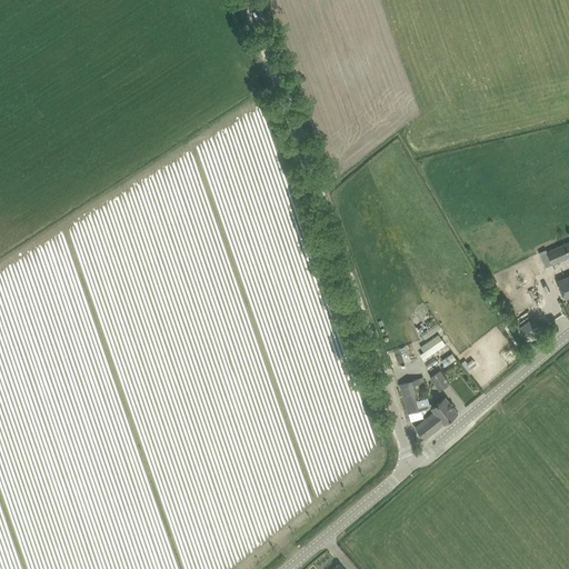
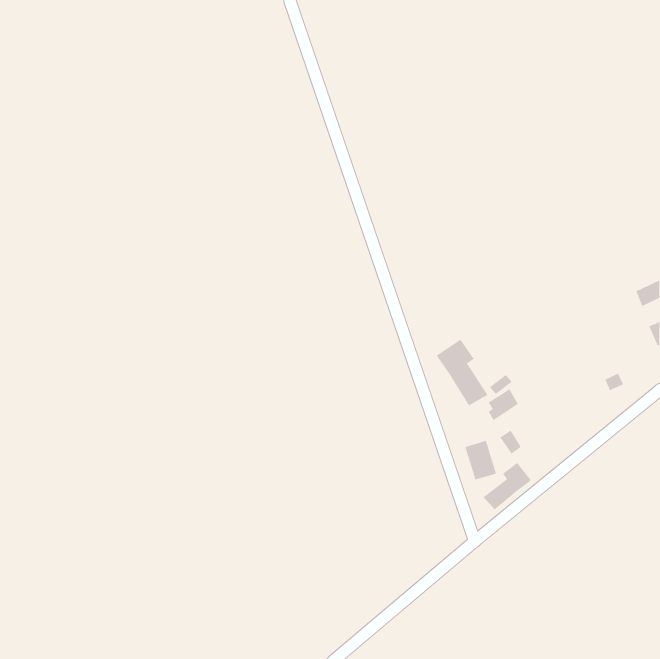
building: none -> [436,339,488,406]

